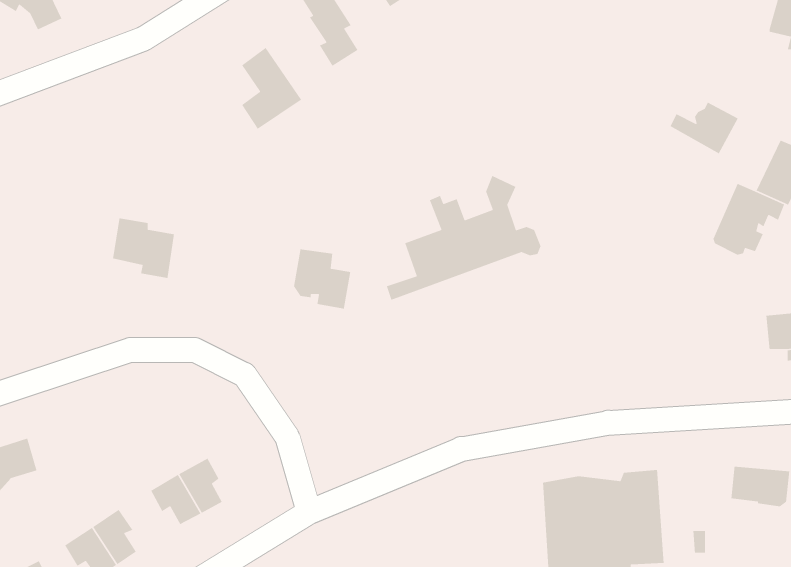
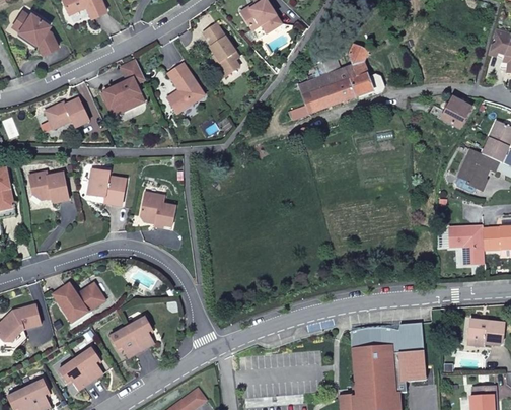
building: none -> [100,60,144,115]
building: none -> [44,98,88,130]
building: [386,175,541,301] -> [288,43,383,120]
building: none -> [28,169,68,202]
building: [293,248,351,310] -> [140,190,175,227]
building: none -> [449,225,485,263]
building: none -> [53,282,101,322]

